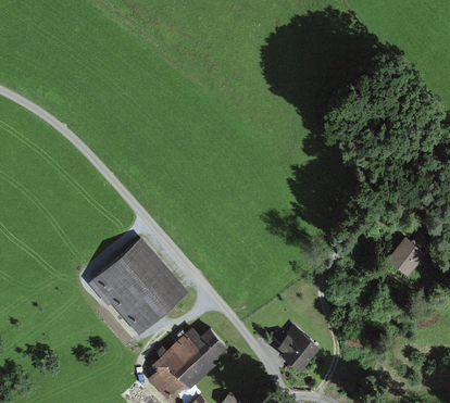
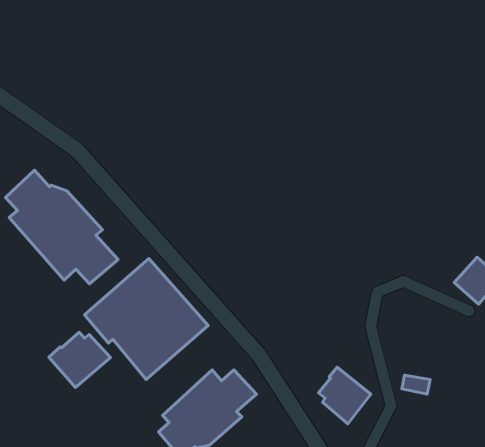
building: none -> [6,170,118,284]
building: none -> [49,332,111,387]

